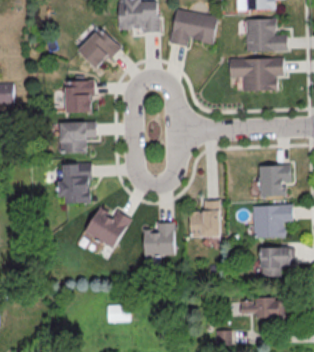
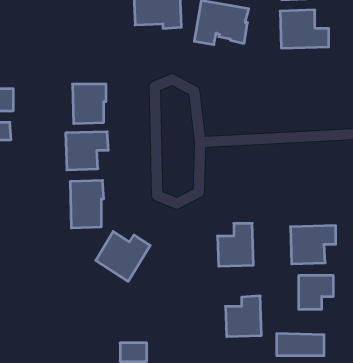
building: [76,28,120,70] -> none
building: [229,55,283,89] -> none
building: [259,164,289,194] -> none
building: [144,222,175,257] -> [225,296,261,337]

